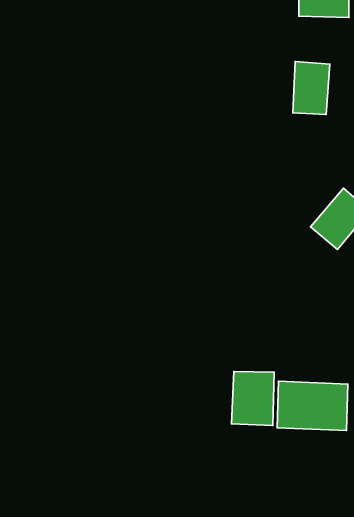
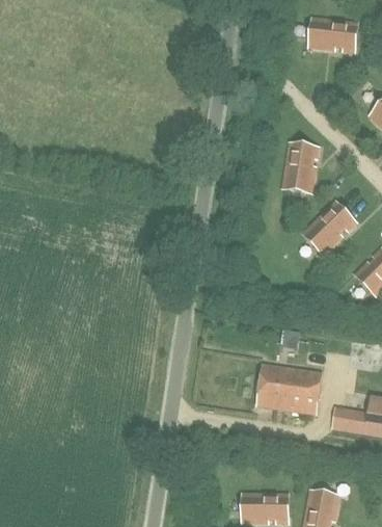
building: [293,61,330,114] -> [282,142,319,191]
building: [231,371,274,426] -> none

